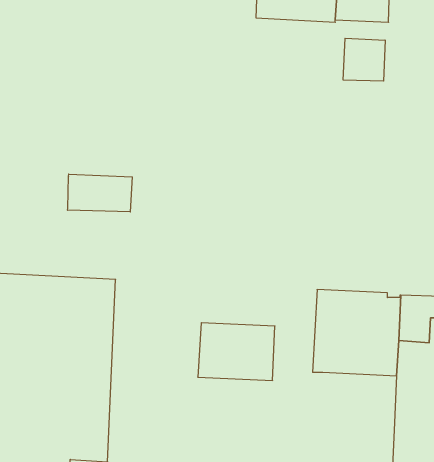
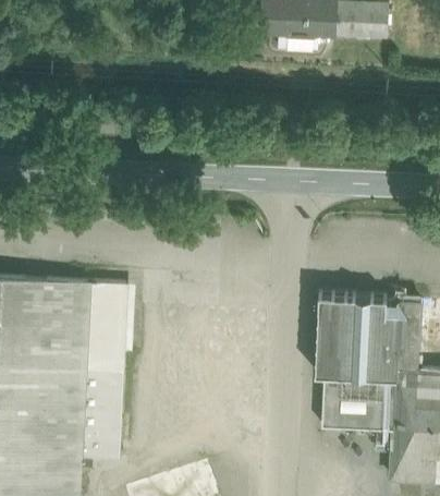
building: [343,38,385,81] -> none
building: [68,174,132,212] -> none
building: [198,323,275,380] -> [321,375,395,431]

